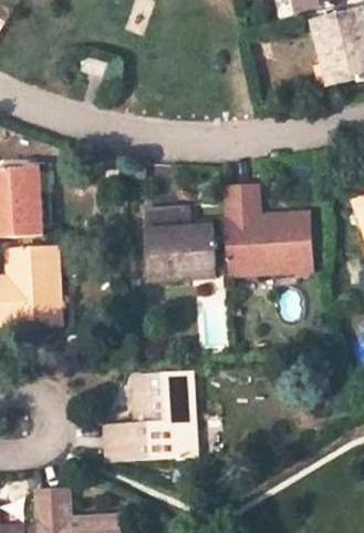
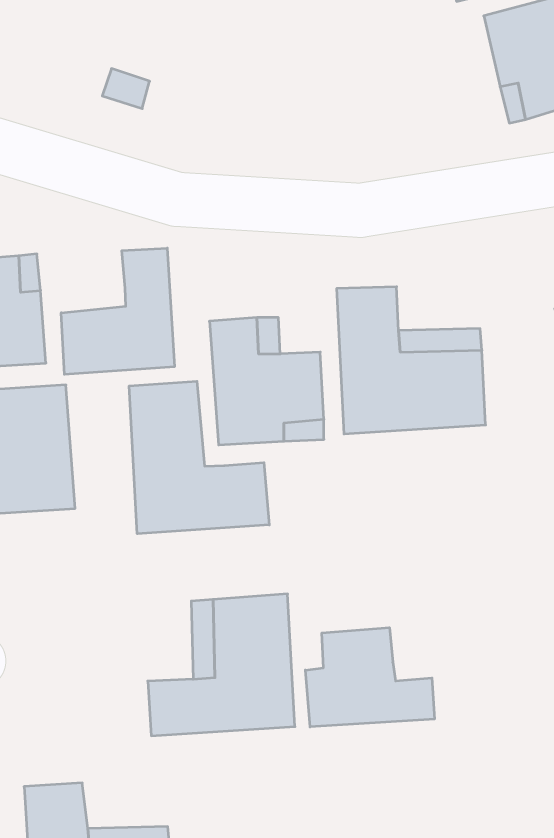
building: none -> [61,248,174,374]
building: none -> [129,381,269,534]
building: none -> [305,628,434,727]

